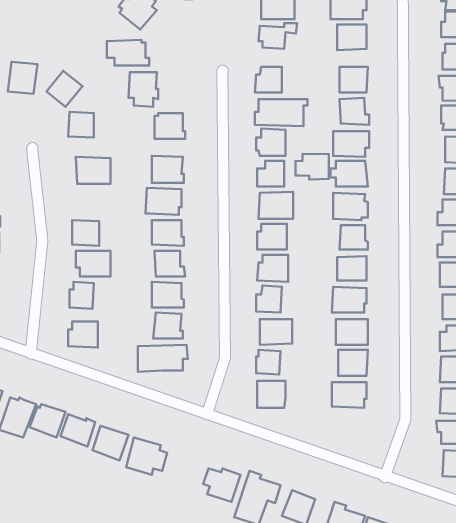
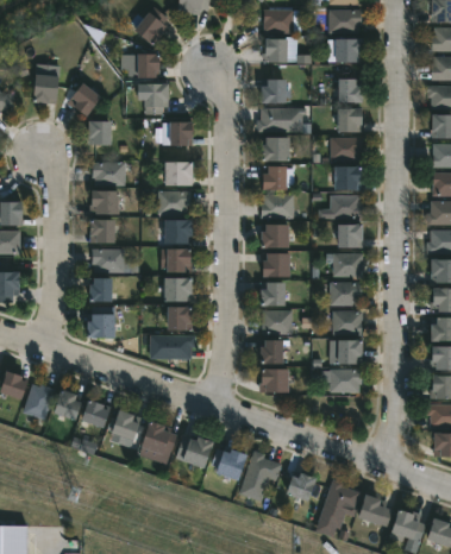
building: [295,154,329,179] -> none
building: none -> [89,190,118,213]
building: none -> [175,436,212,468]

